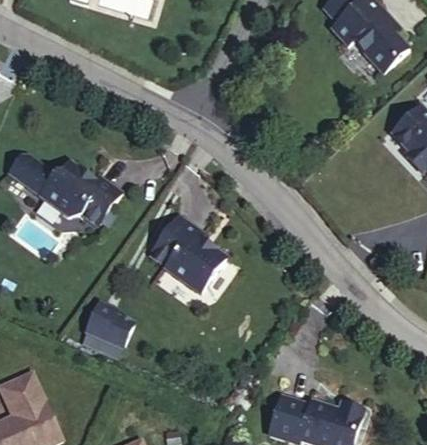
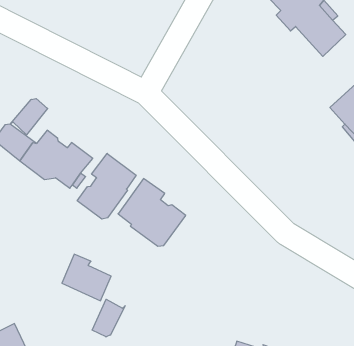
building: none -> [10,99,48,135]
building: none -> [77,153,136,219]
building: none -> [92,299,125,337]

